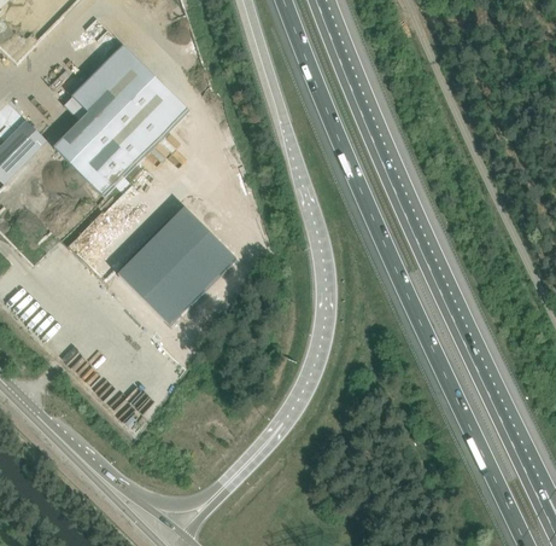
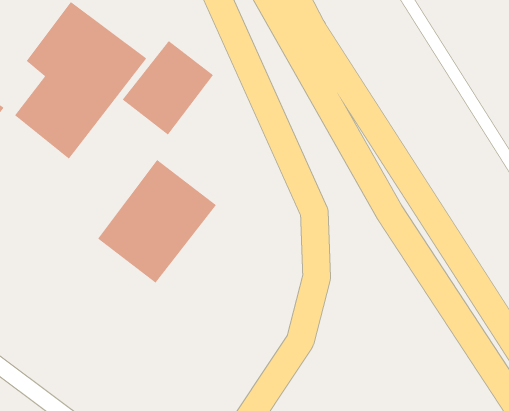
building: none -> [122,40,214,136]

